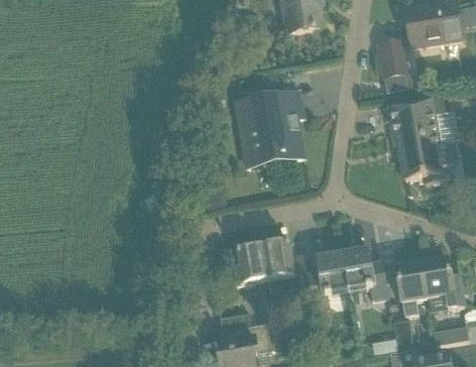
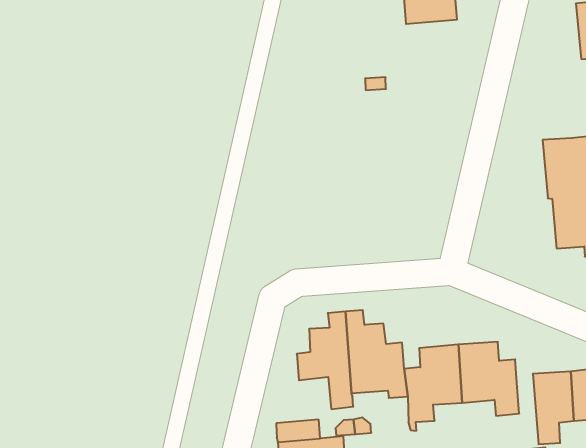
building: [378,39,412,91] -> none
building: [236,91,303,165] -> none

